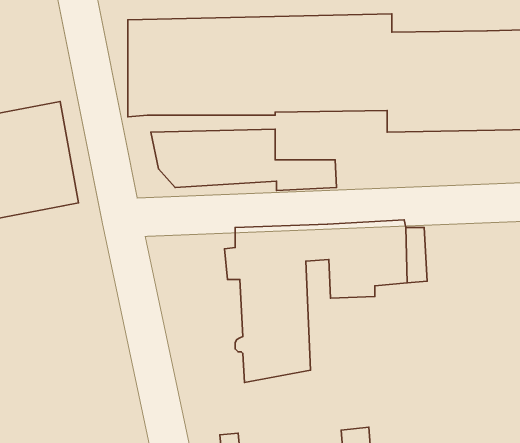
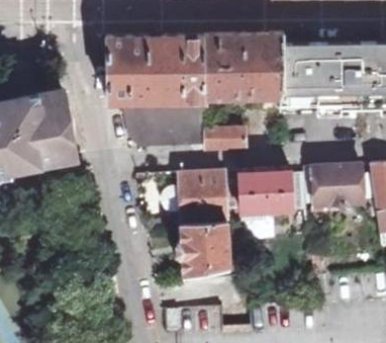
building: none -> [315,166,362,205]

